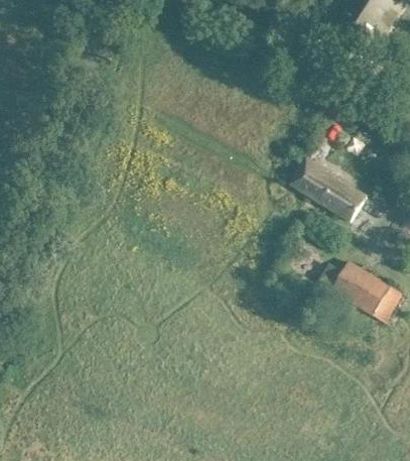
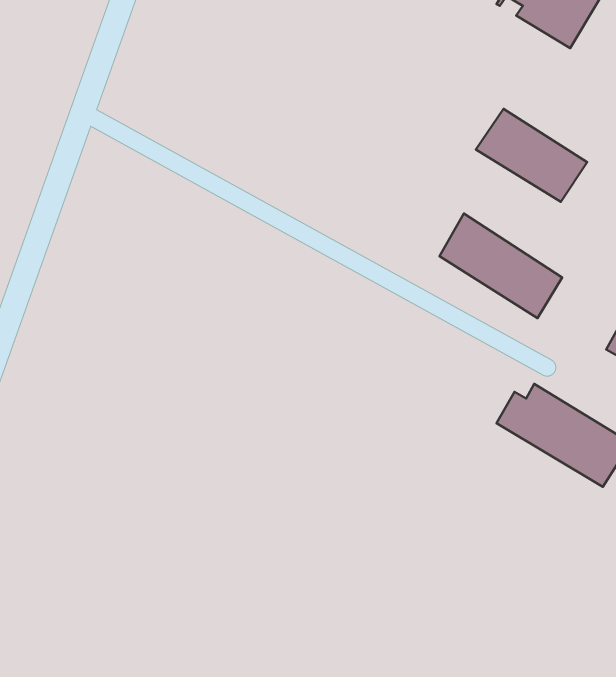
building: none -> [476,109,587,202]

